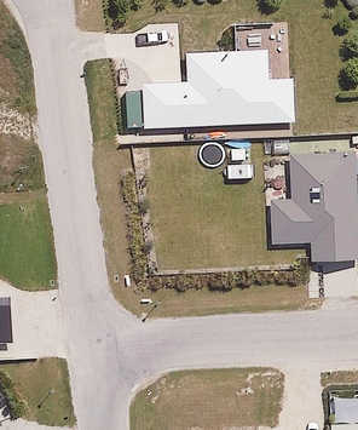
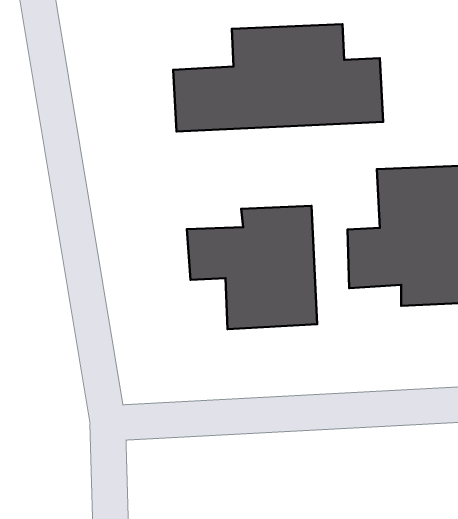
building: none -> [187,206,317,329]

